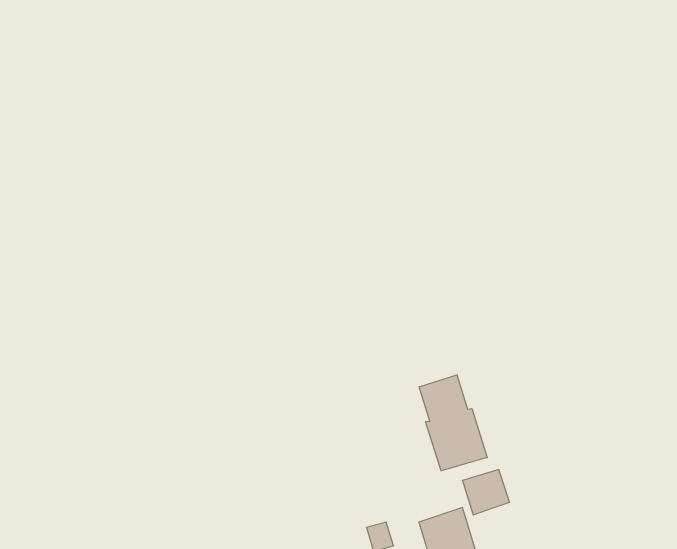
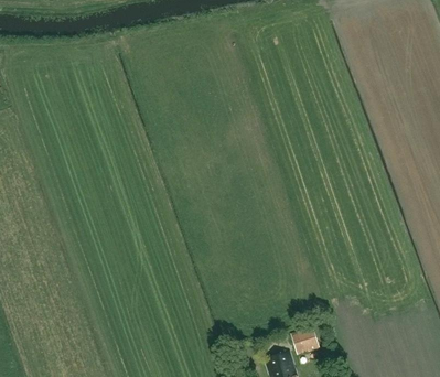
building: [419,375,487,471] -> none

